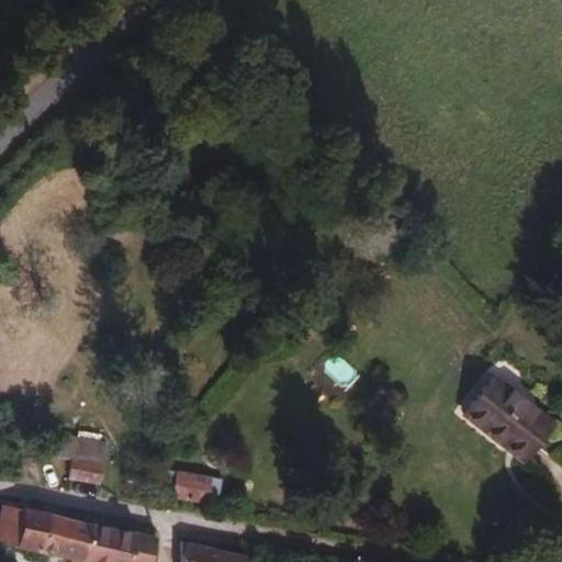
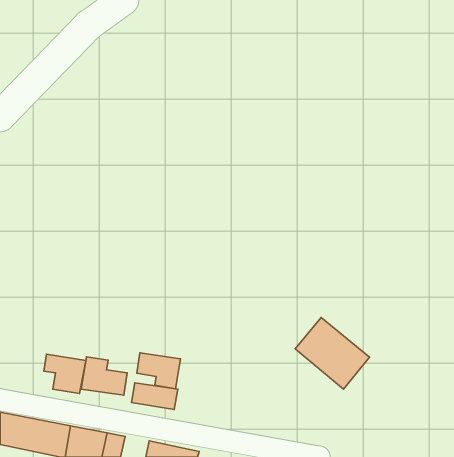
building: [463,375,554,463] -> [295,318,369,389]
building: none -> [137,353,180,389]
building: none -> [81,357,127,395]

